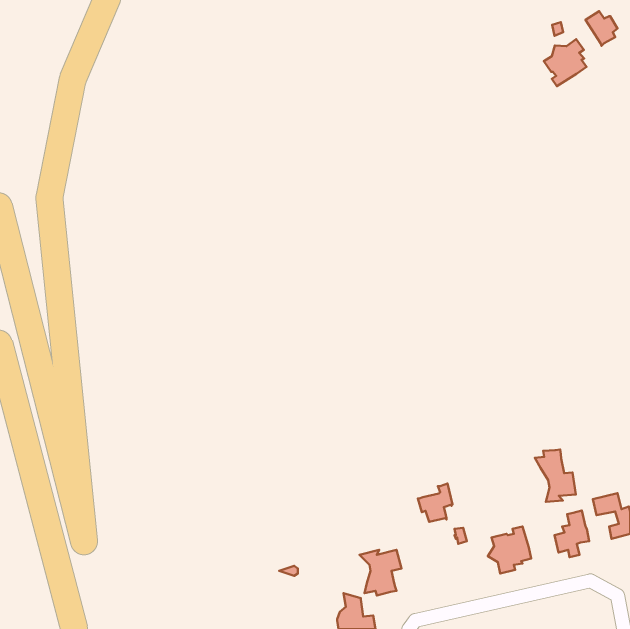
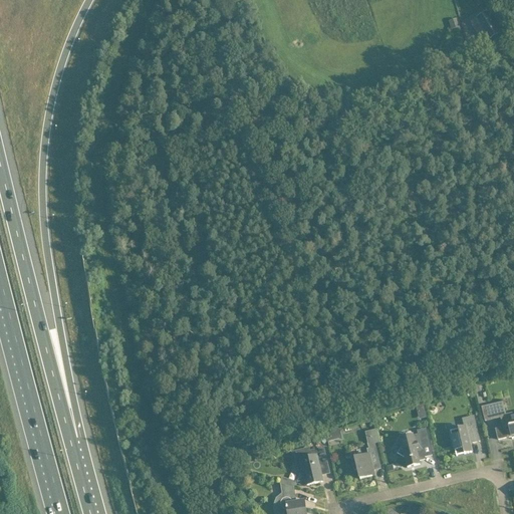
building: [544,39,587,86] -> none
building: [535,450,576,502] -> none
building: [418,484,453,522] -> [350,446,378,477]

